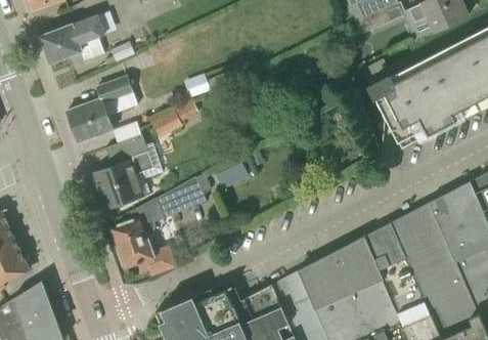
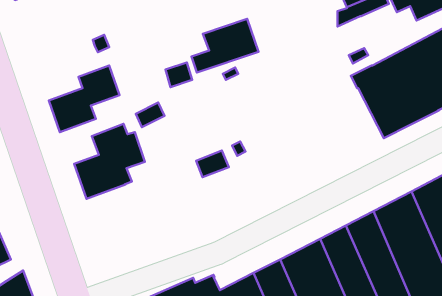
building: [40,15,104,63] -> none
building: none -> [192,19,259,72]
building: [110,173,210,273] -> none

